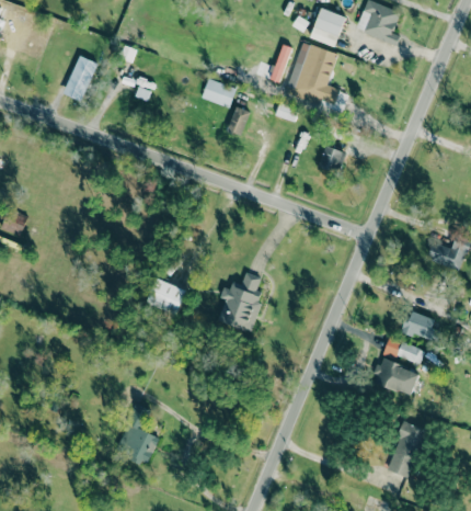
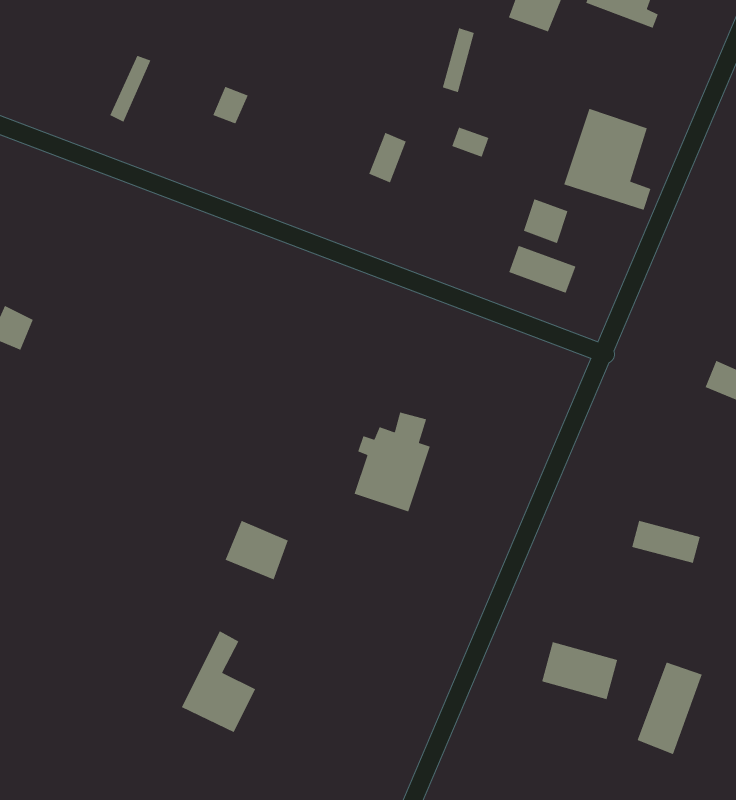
building: [287,42,340,103] -> [563,108,651,211]
building: [202,79,237,107] -> none
building: none -> [508,245,576,294]
building: [148,279,186,315] -> [225,520,289,581]
building: [403,310,436,339] -> none
building: [374,360,420,395] -> [541,641,618,700]

